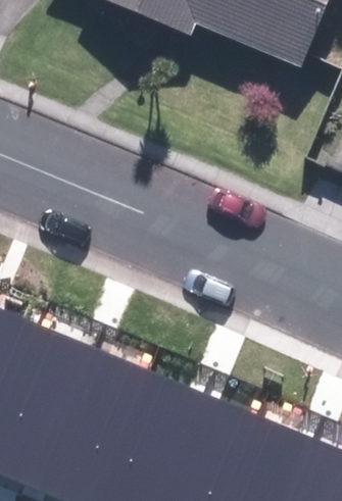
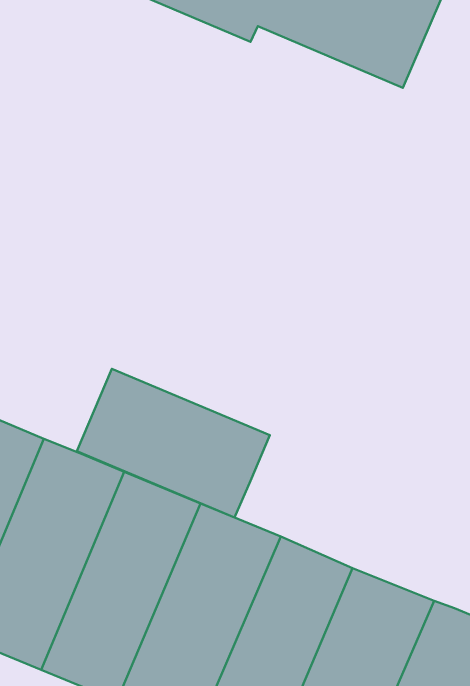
building: none -> [77,369,270,517]

